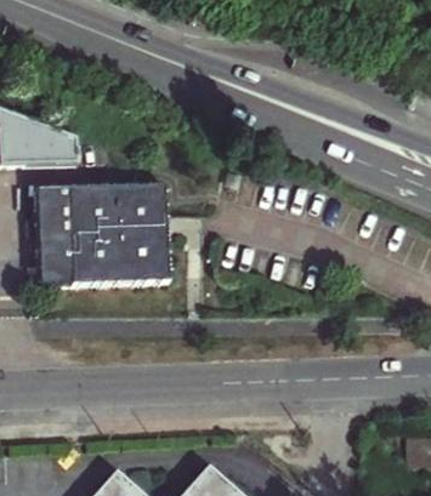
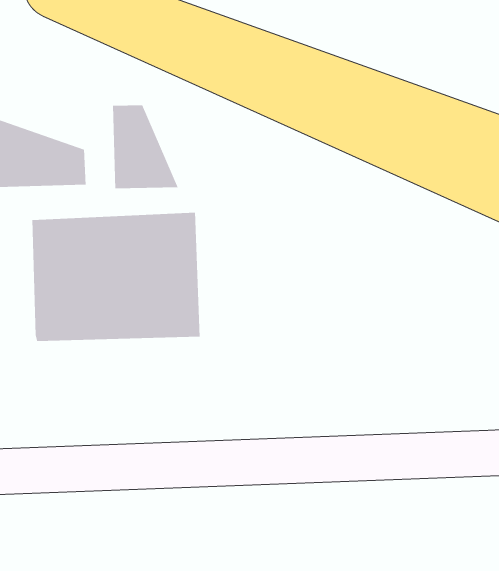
building: none -> [112,105,179,189]

